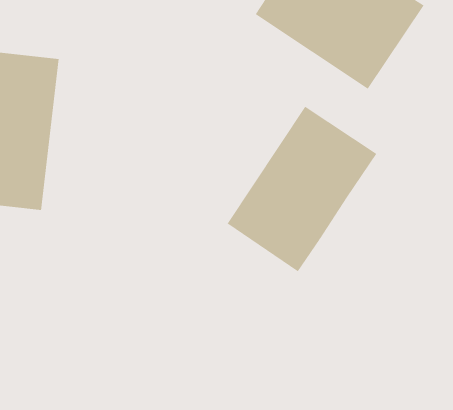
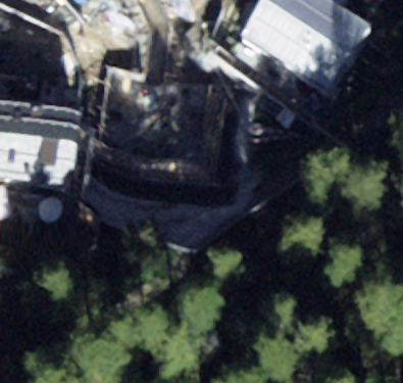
building: [227,106,377,272] -> none

